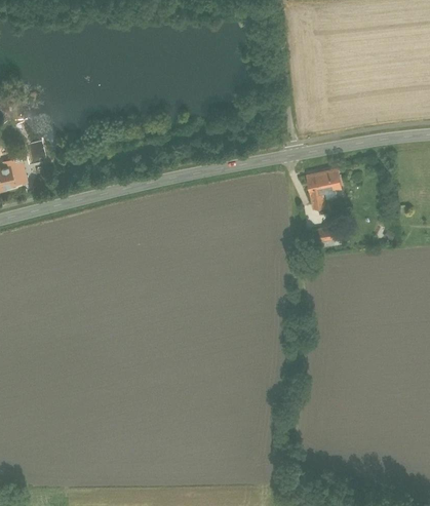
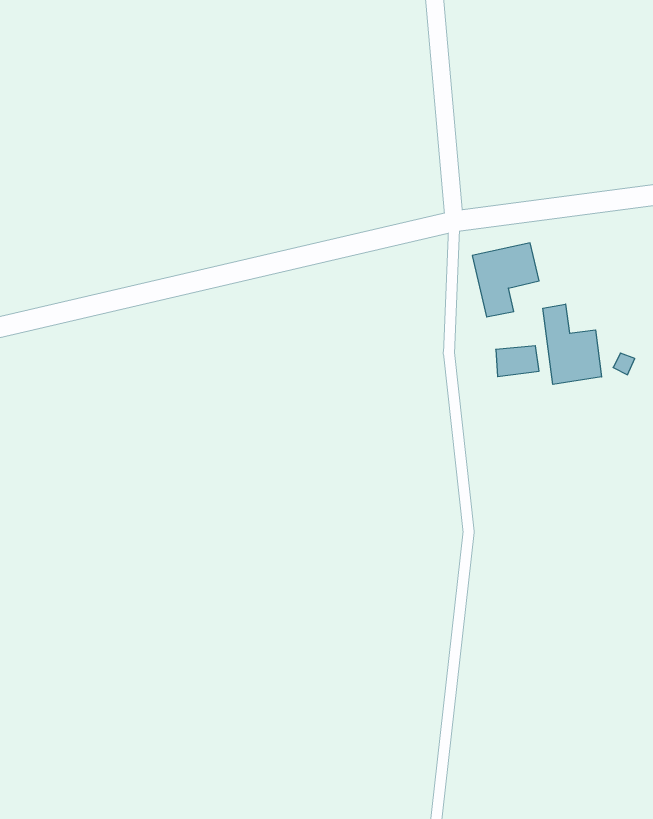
building: none -> [543,304,602,384]

